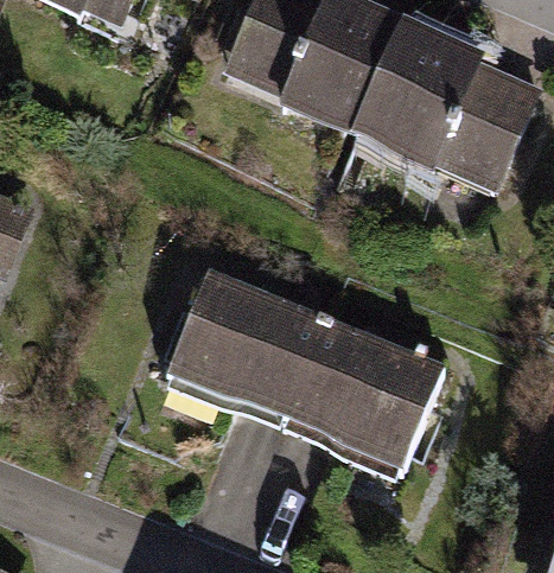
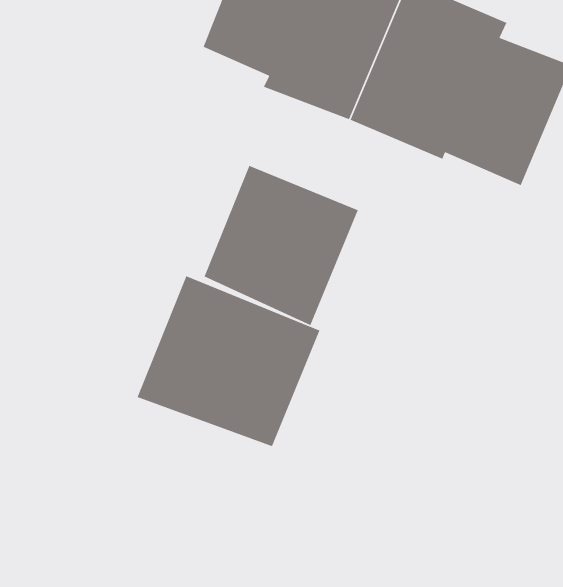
building: none -> [204,165,359,326]
building: [284,317,446,470] -> none

